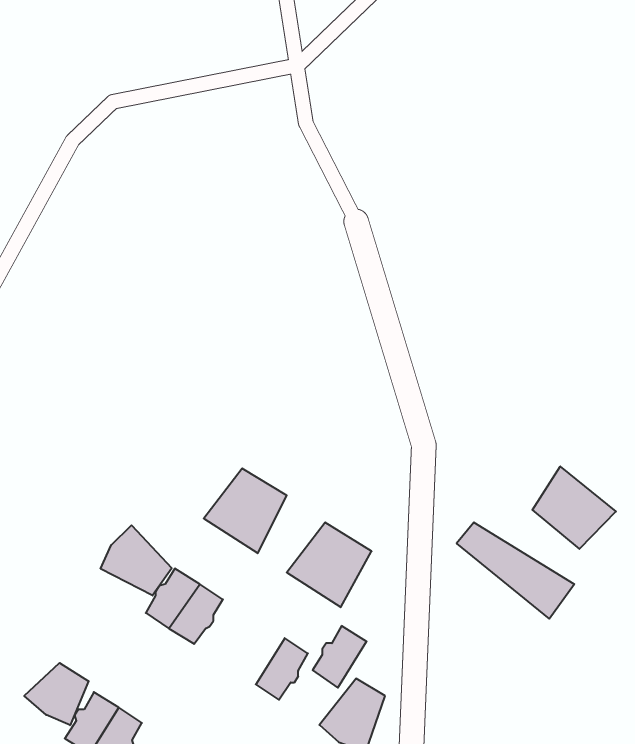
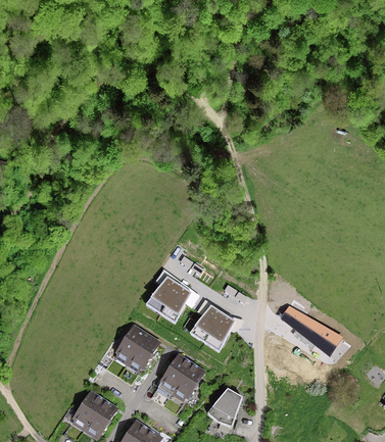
building: [532,466,616,549] -> none
building: [101,525,172,596] -> none
building: [313,626,367,688] -> [160,357,189,390]
building: [24,663,89,725] -> none

